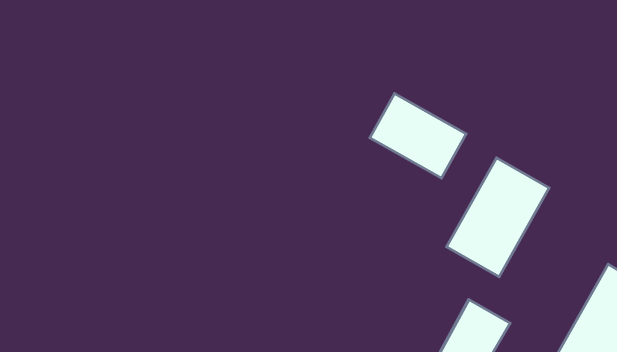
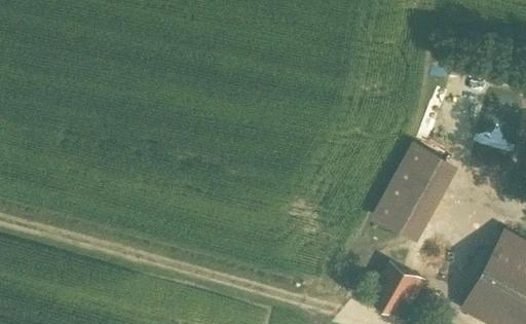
building: [370,93,466,178] -> none

